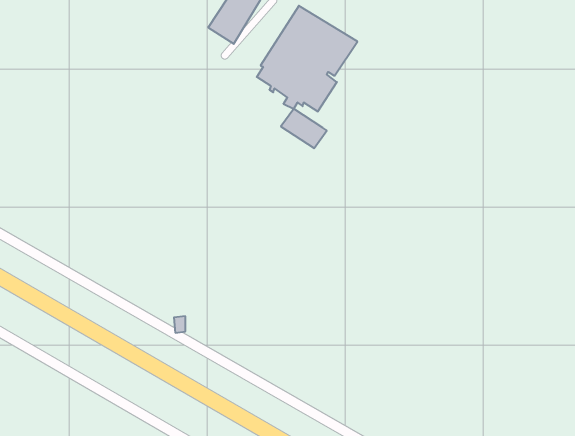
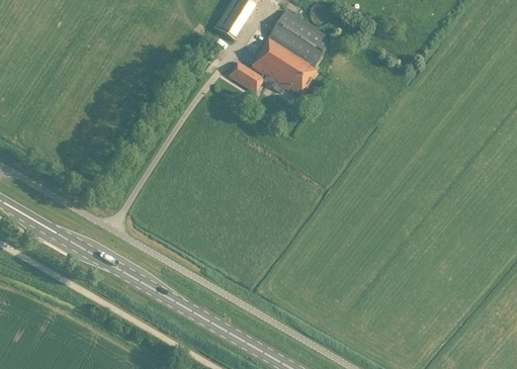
building: [281,109,327,148] -> [229,61,265,92]

